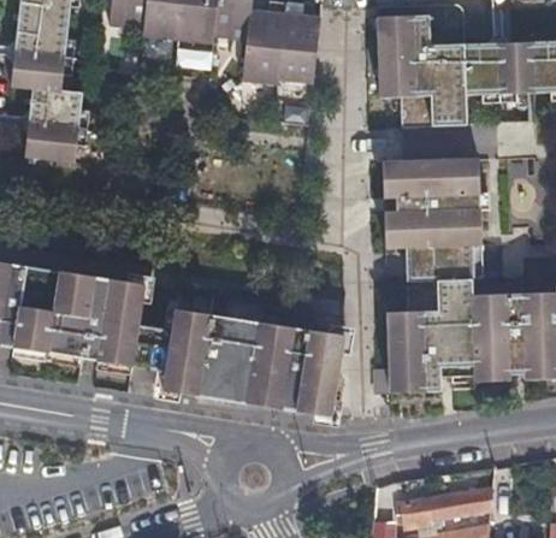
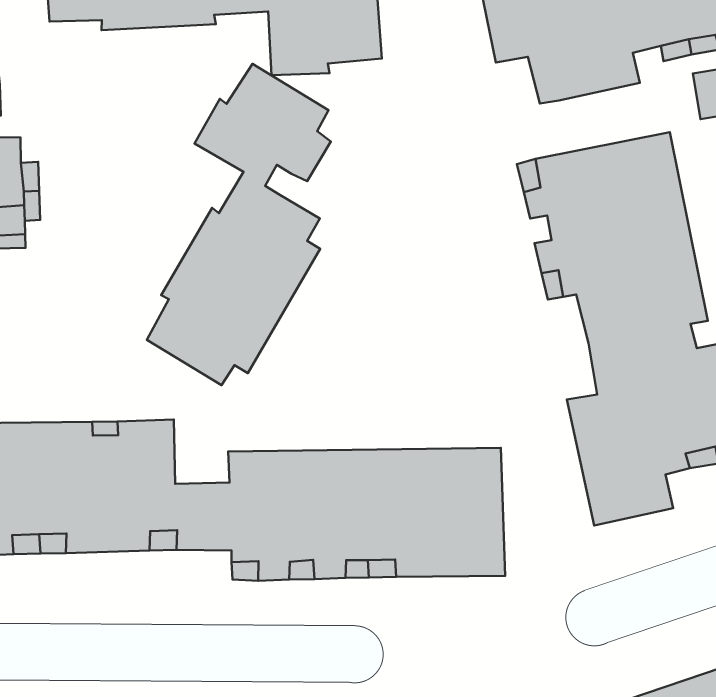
building: none -> [147,64,331,385]

